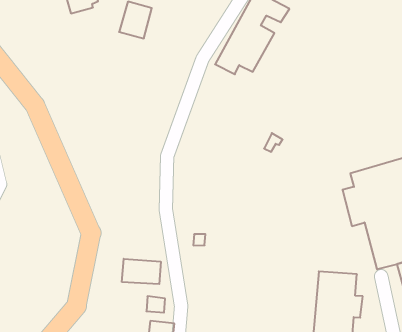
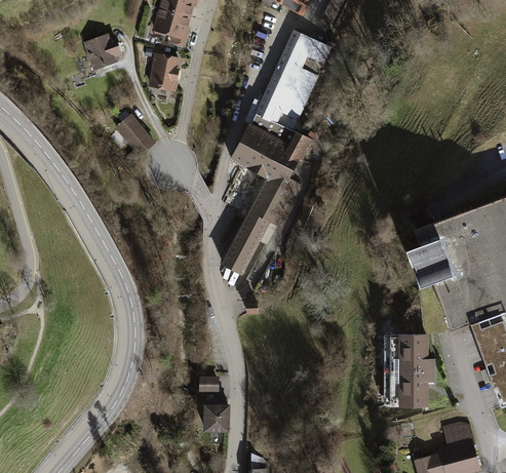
building: none -> [115,115,156,158]
building: none -> [221,114,313,276]
building: [122,259,161,284] -> none

